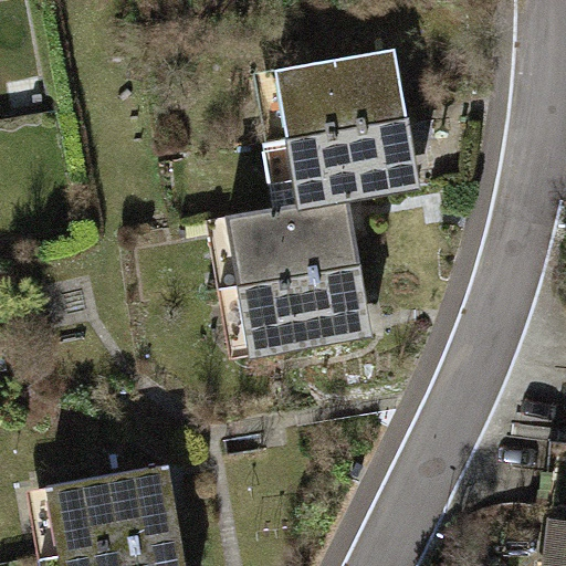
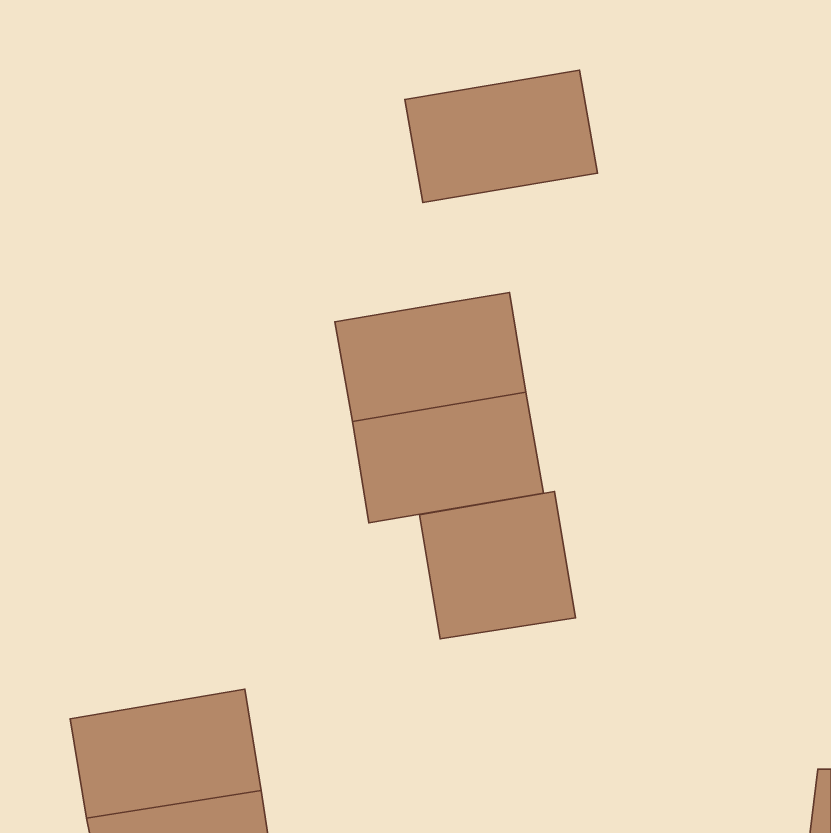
building: [286,118,416,207] -> none
building: none -> [419,491,576,639]

